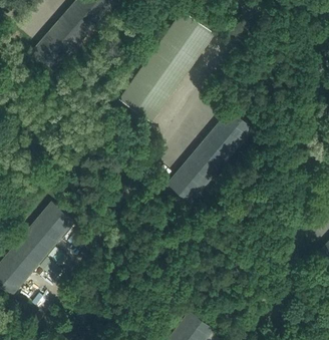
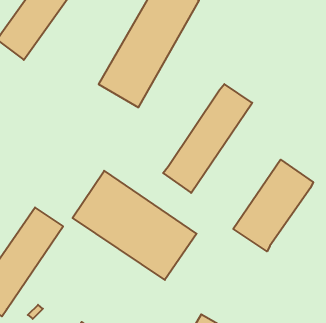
building: none -> [73,171,197,280]
building: none -> [233,160,313,251]

